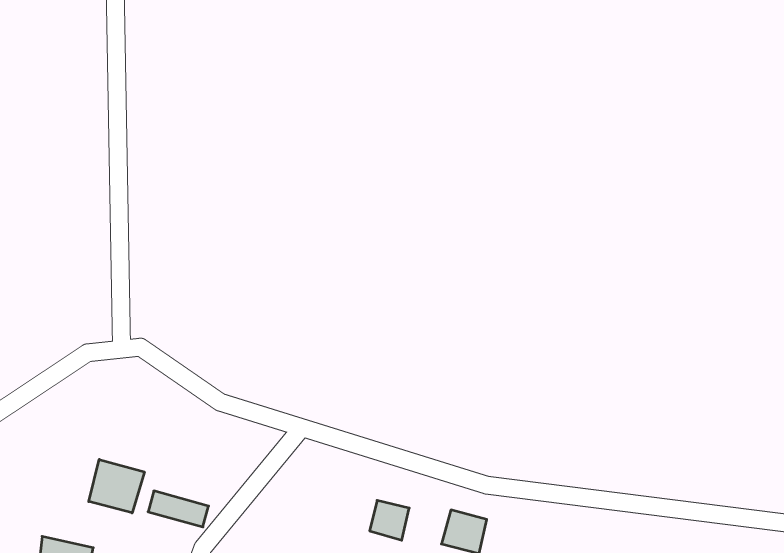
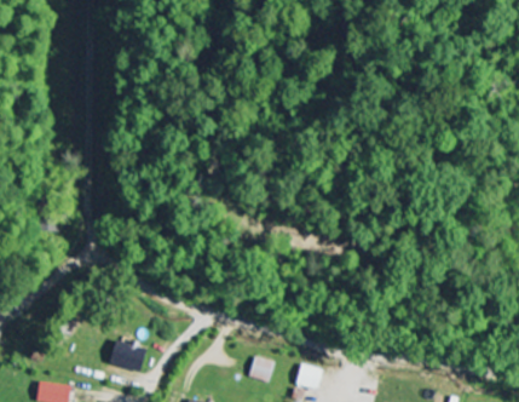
building: [89,459,144,513] -> none

